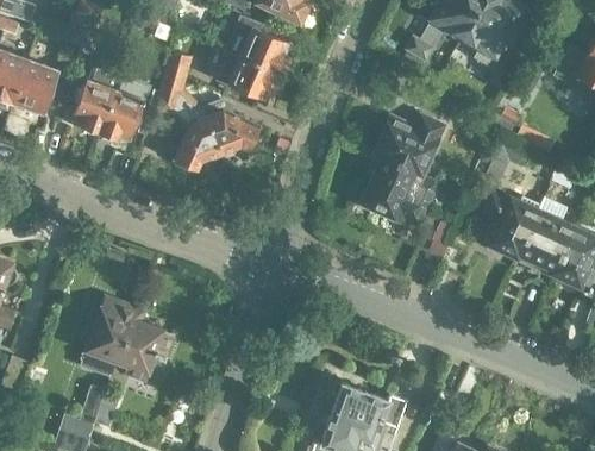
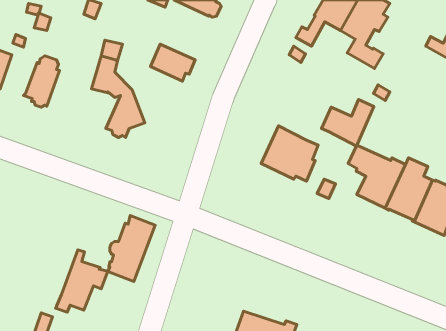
building: [225,17,290,75] -> none
building: [99,84,146,140] -> none
building: [202,99,259,152] -> none
building: [375,117,439,174] -> [322,100,374,146]
building: [79,296,137,377] -> [108,215,155,281]

